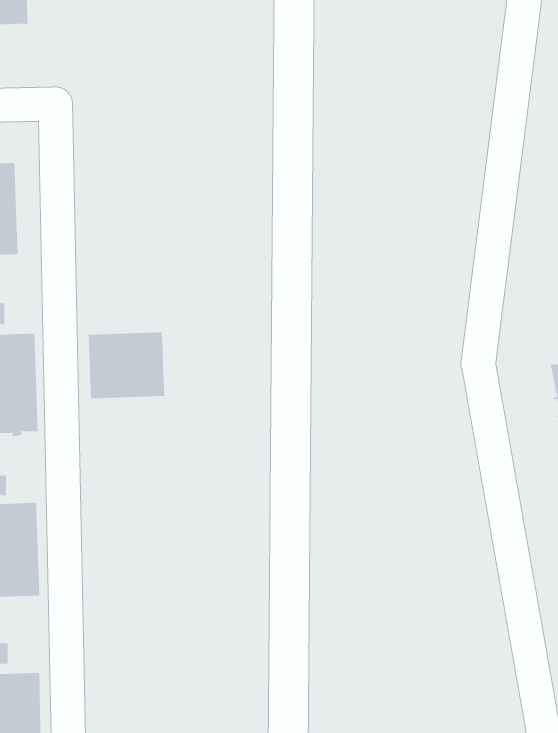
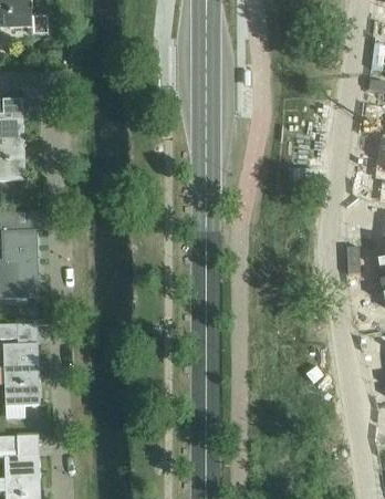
building: [88,332,165,399] -> none

